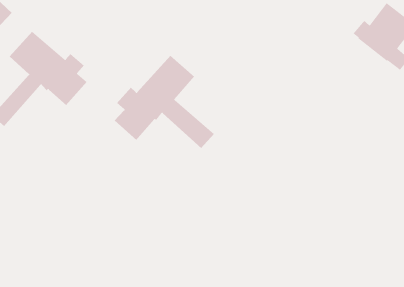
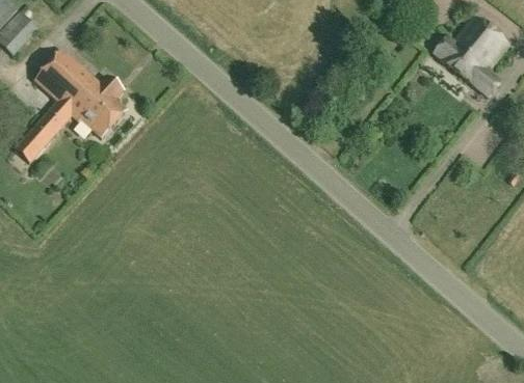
building: [114,55,215,149] -> none

